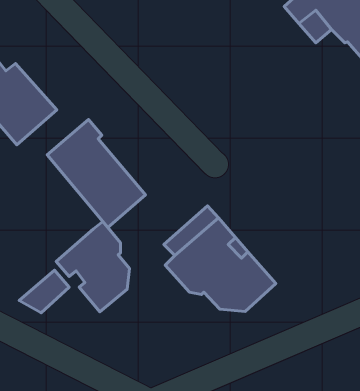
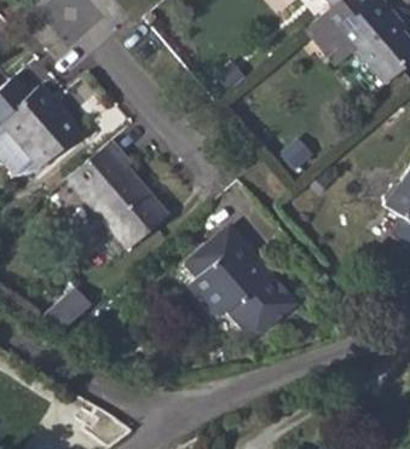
building: [56,222,129,312] -> none

